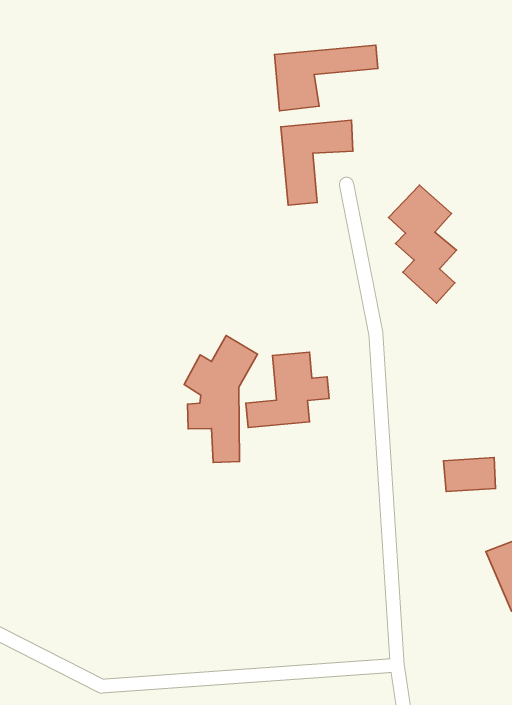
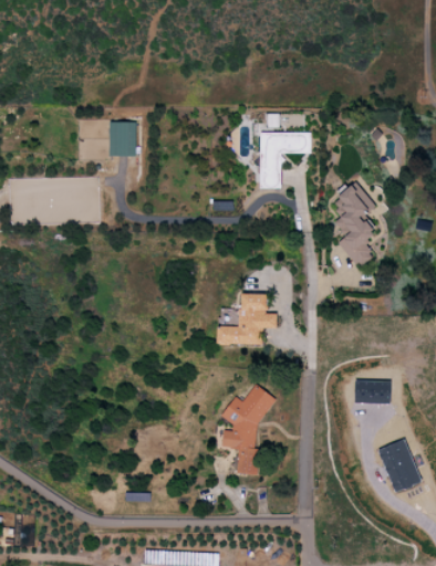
building: [274,45,378,111] -> none
building: none -> [108,122,135,156]
building: [184,335,257,462] -> [221,384,276,474]

